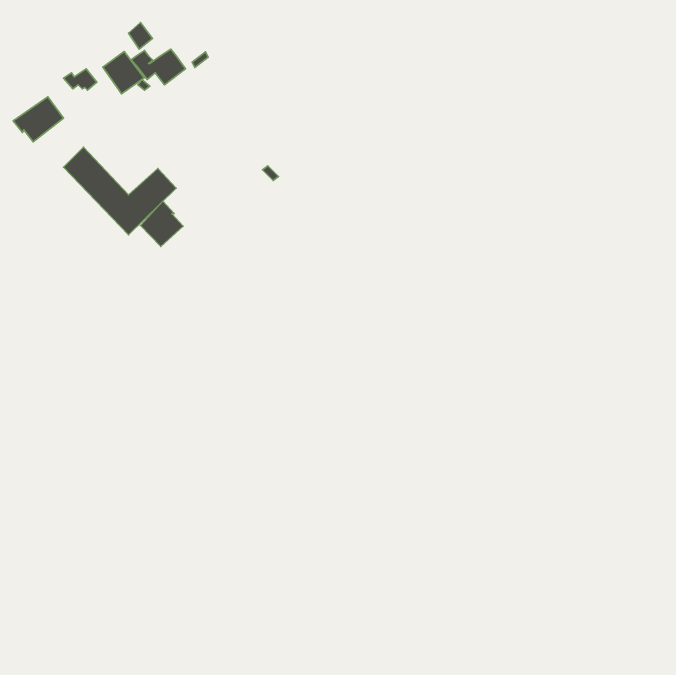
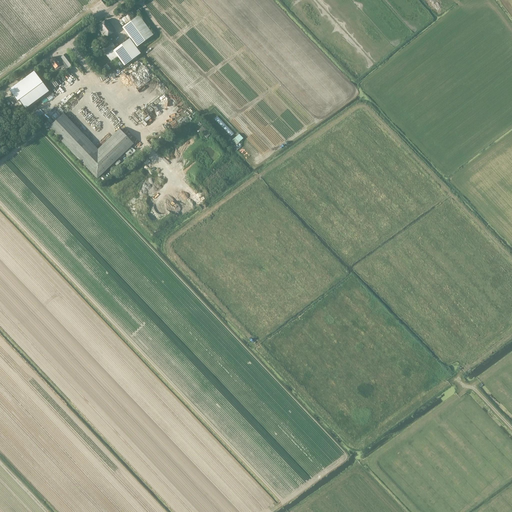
building: [103,51,144,94] -> [123,13,154,45]
building: [140,201,183,246] -> none

